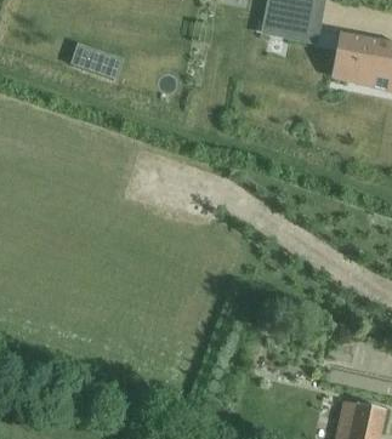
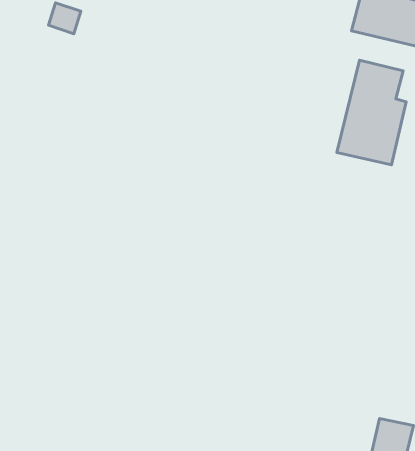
building: none -> [337,60,406,165]

